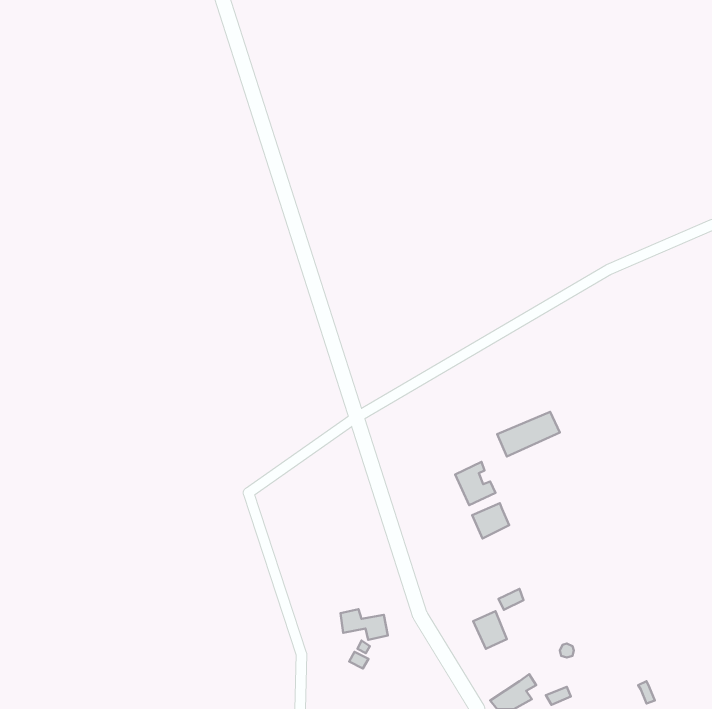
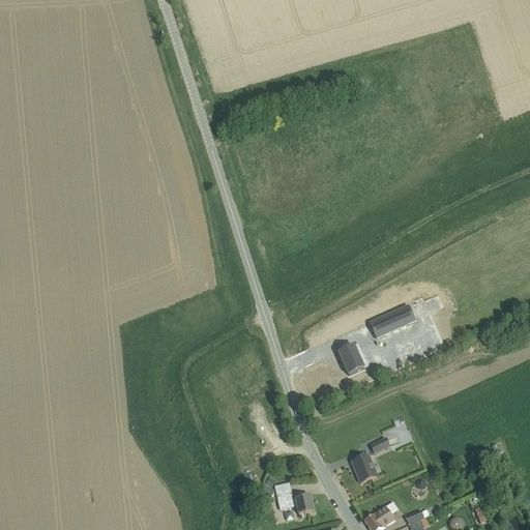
building: [472,503,509,538] -> none
building: [340,609,388,640] -> [277,491,313,513]

